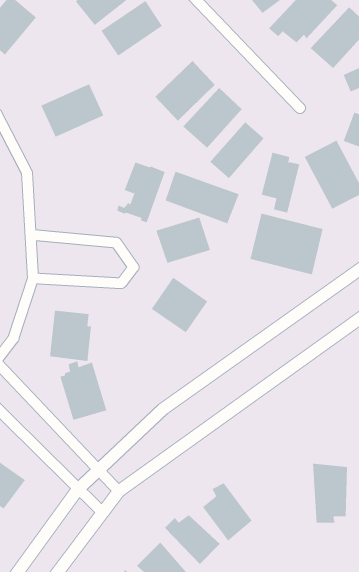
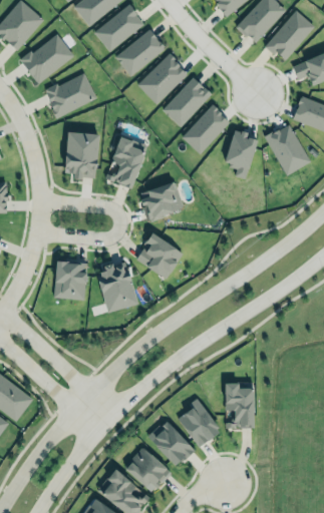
building: none -> [114,28,166,76]
building: none -> [20,33,72,81]
building: none -> [66,132,99,179]
building: [165,171,239,224] -> none
building: [250,213,323,275] -> none
building: [59,360,107,420] -> [98,262,137,311]
building: [312,463,348,523] -> [223,384,252,433]

